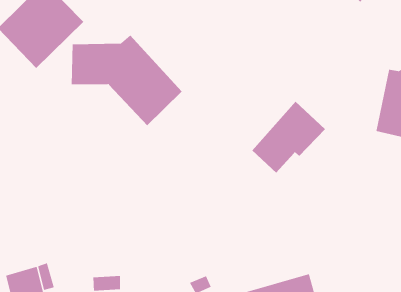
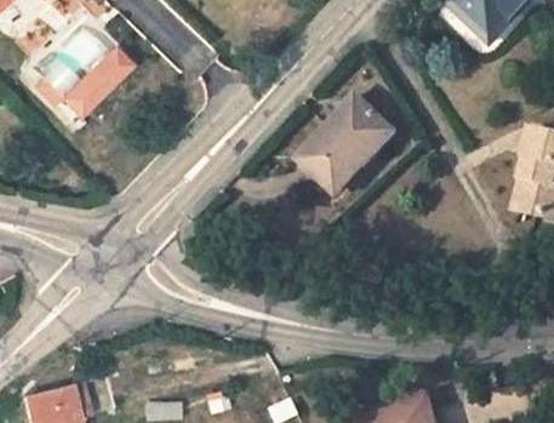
building: [71,34,183,126] -> none
building: [251,101,326,173] -> [298,93,396,189]

